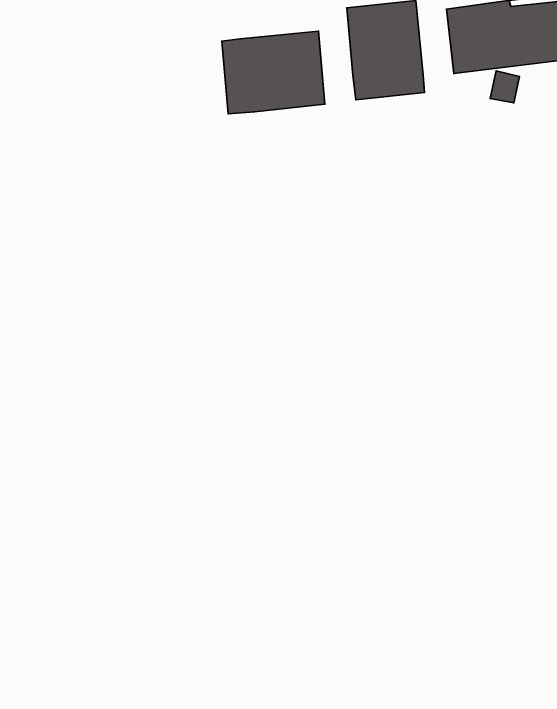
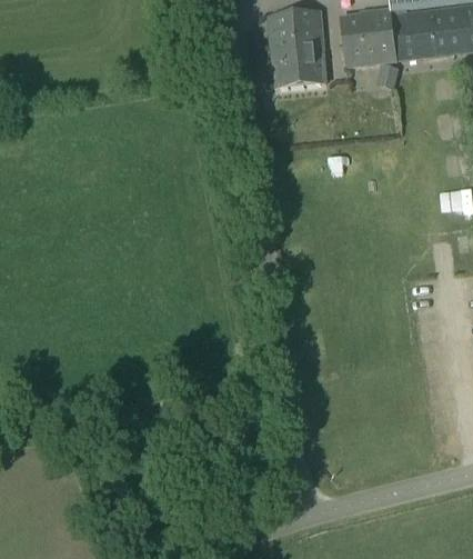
building: [222,31,325,114] -> none

